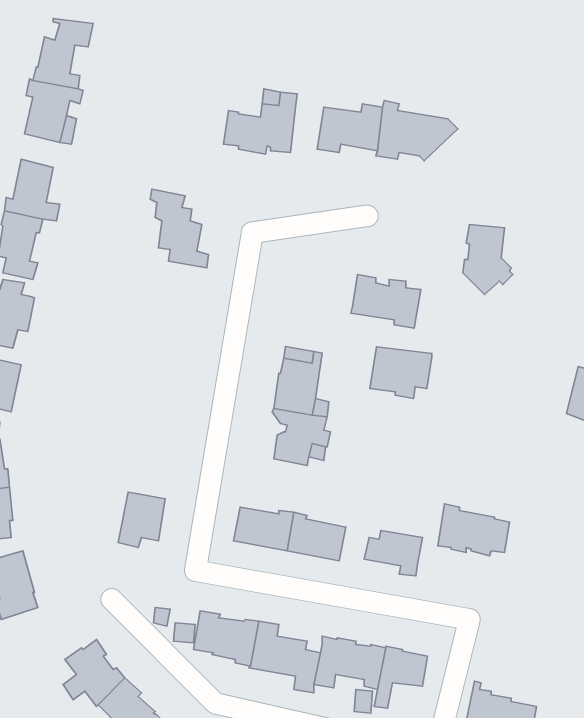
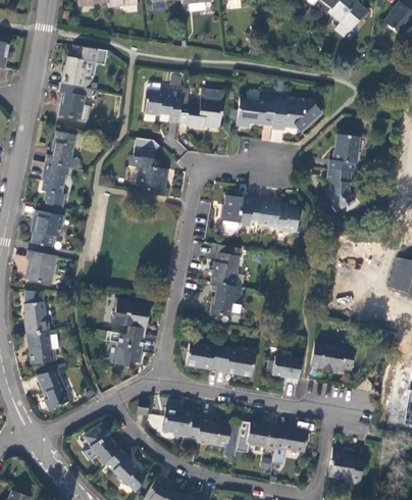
building: none -> [146,90,183,121]
building: none -> [329,136,360,174]
building: [370,347,432,399] -> [223,195,261,227]
building: none -> [110,298,150,338]

